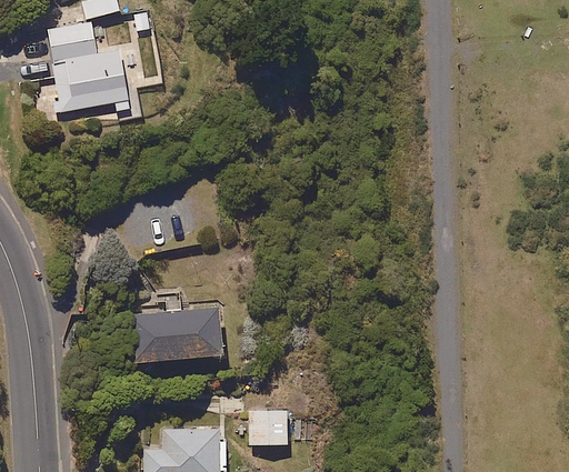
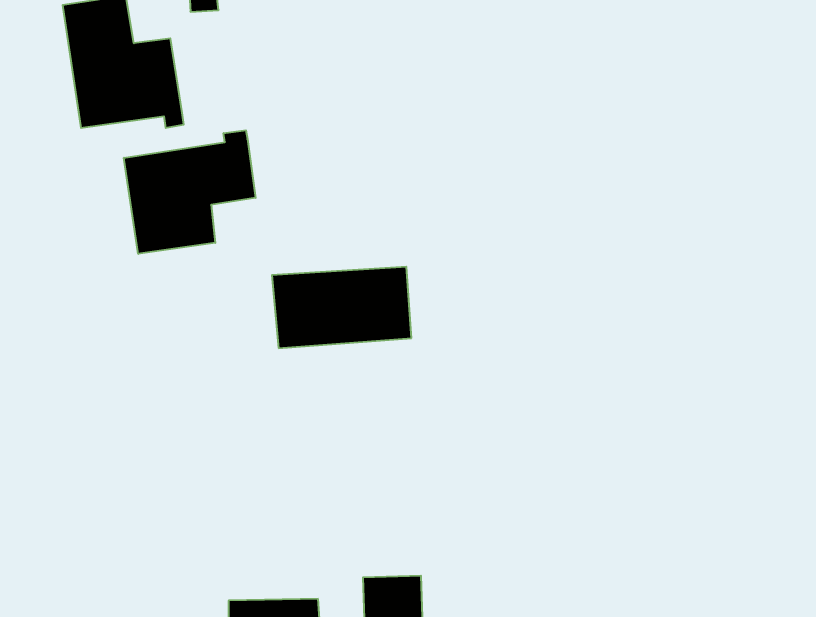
building: none -> [124,130,256,254]
building: [130,310,223,364] -> [272,267,411,348]

